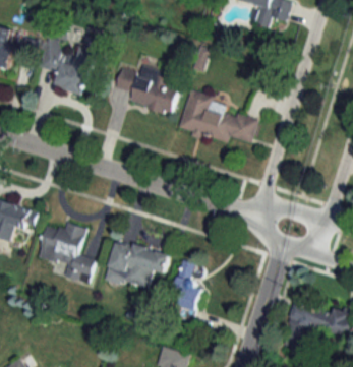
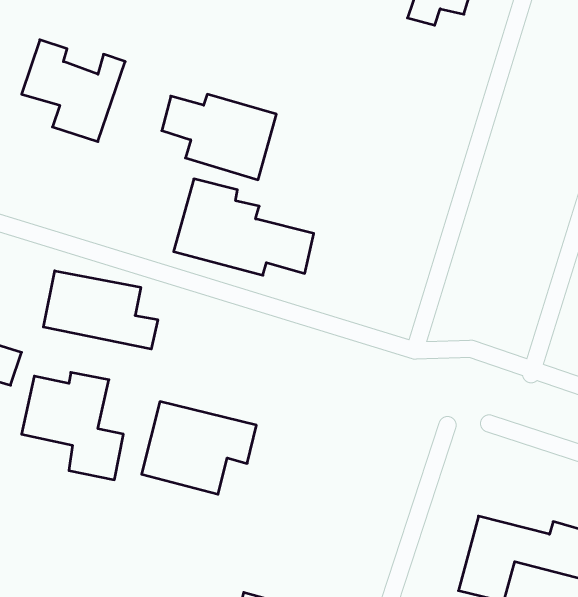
building: [178,89,256,143] -> [174,179,314,275]
building: none -> [43,271,158,349]
building: [171,259,205,310] -> none

